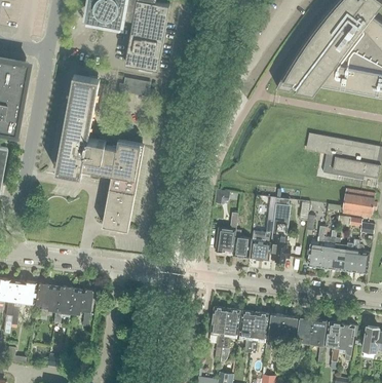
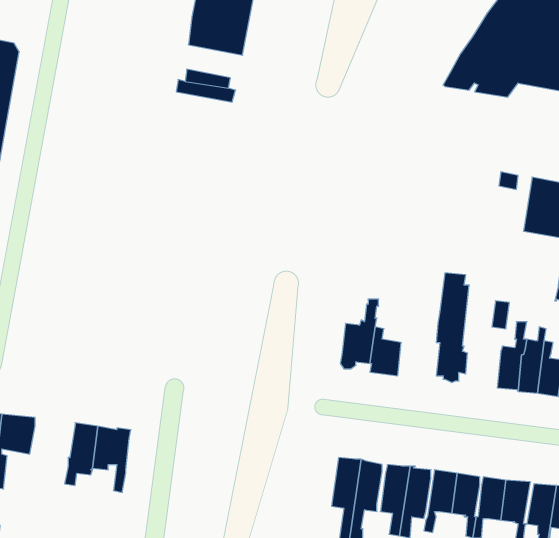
building: [55,74,144,231] -> none
building: [250,233,270,261] -> none
building: [34,283,59,320] -> none

